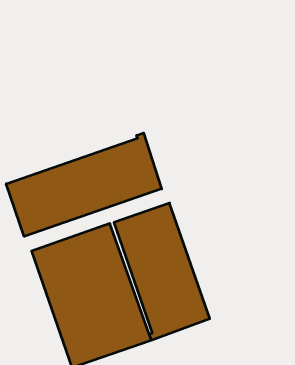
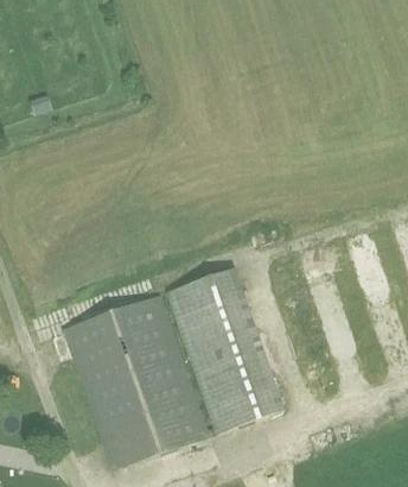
building: [6,133,162,236] -> none

